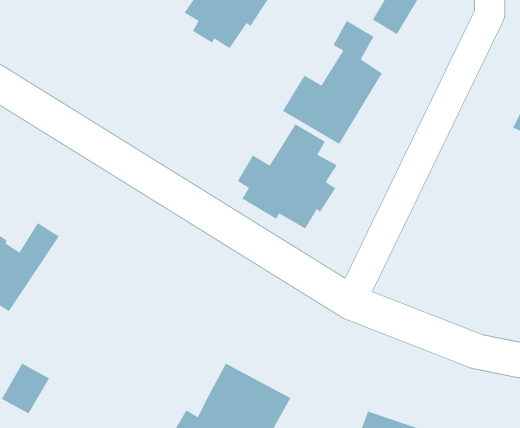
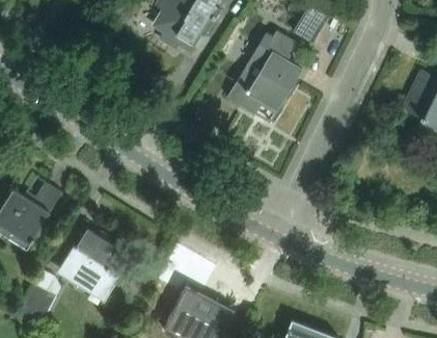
building: [237,123,338,229] -> none
building: none -> [64,227,124,296]

